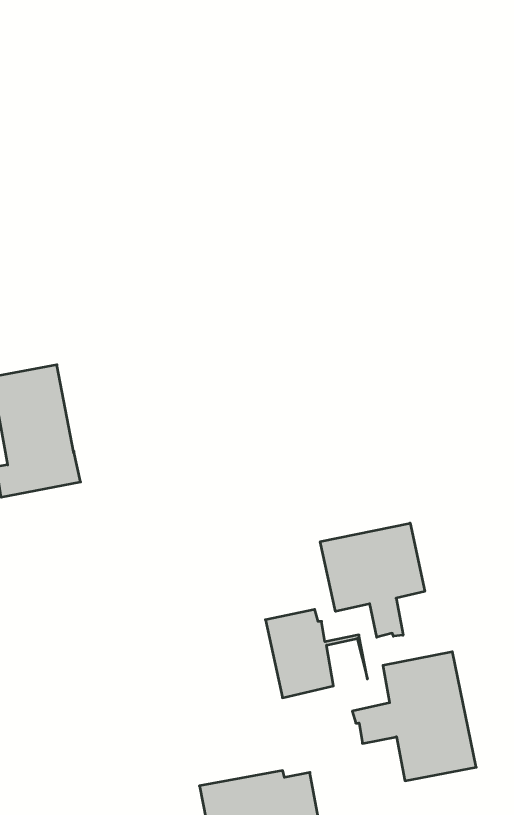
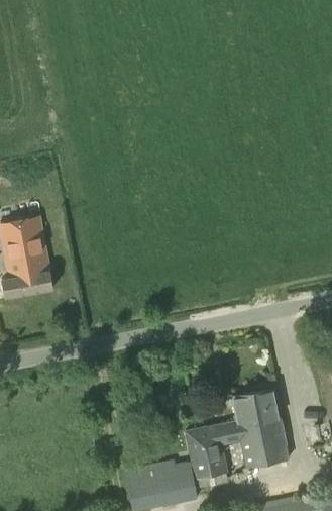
building: [320,523,425,637] -> none
building: [265,609,367,698] -> [185,425,245,478]

